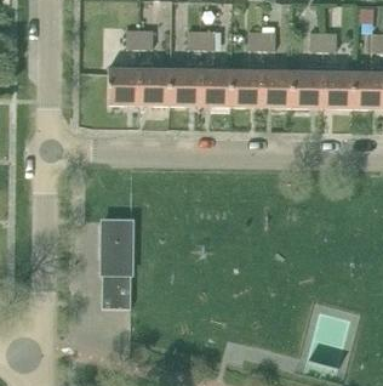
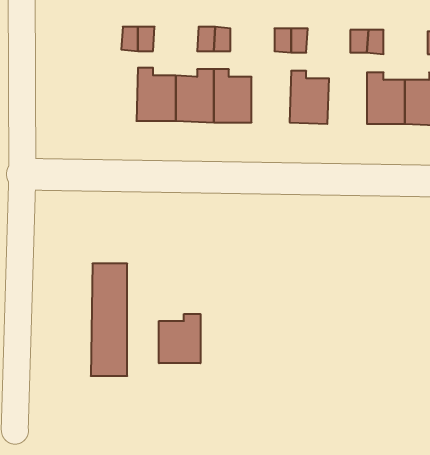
building: [108,62,139,104] -> none
building: [230,63,262,106] -> none
building: [291,64,322,107] -> none
building: none -> [159,314,200,363]

